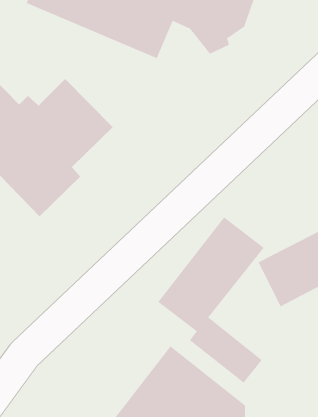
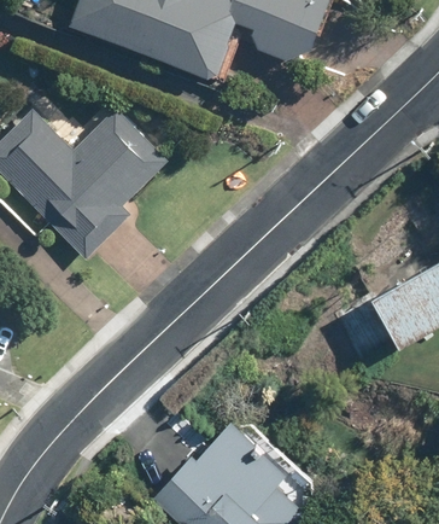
building: [158,217,264,383] -> none

